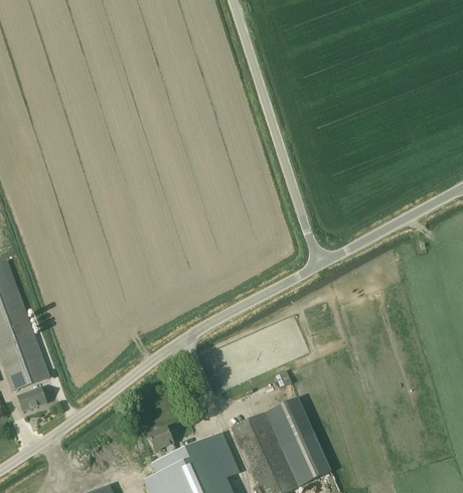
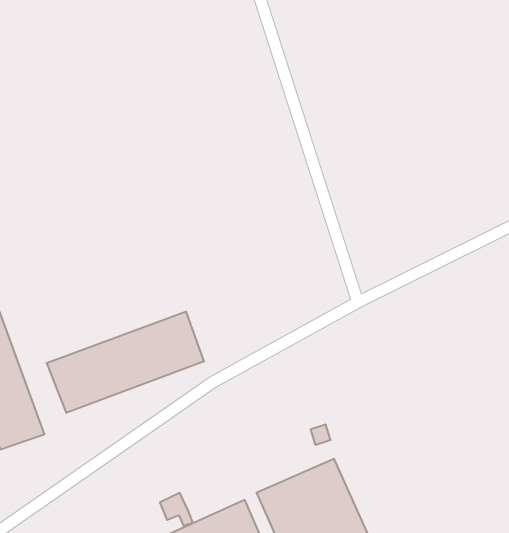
building: none -> [47,311,204,413]
building: [17,387,46,412] -> none

